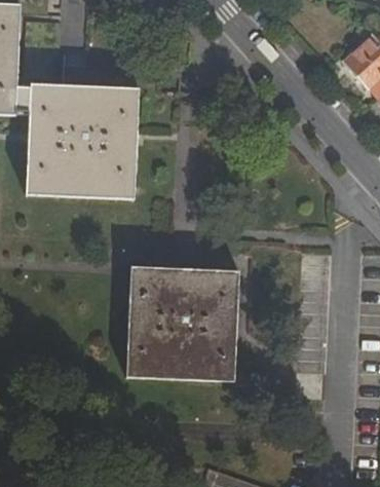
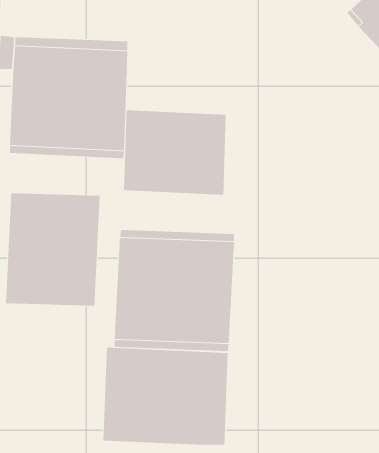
building: none -> [124,109,226,196]
building: none -> [6,193,100,306]
building: none -> [103,347,228,445]

